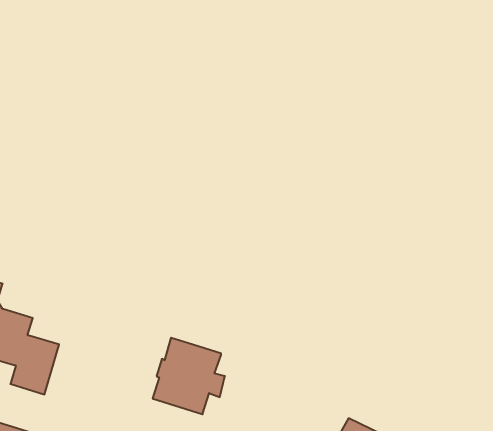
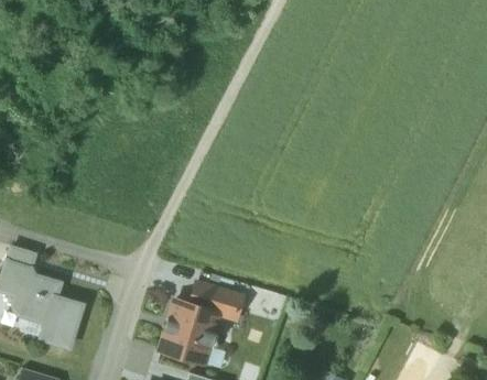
building: none -> [190,281,242,317]

